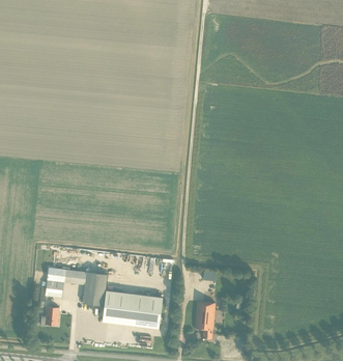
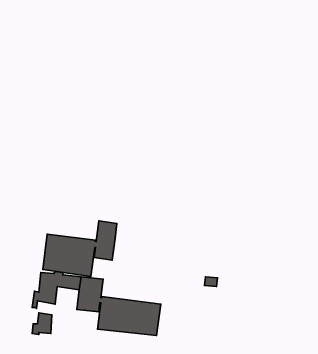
building: none -> [43,221,117,277]
building: [194,301,213,337] -> none

